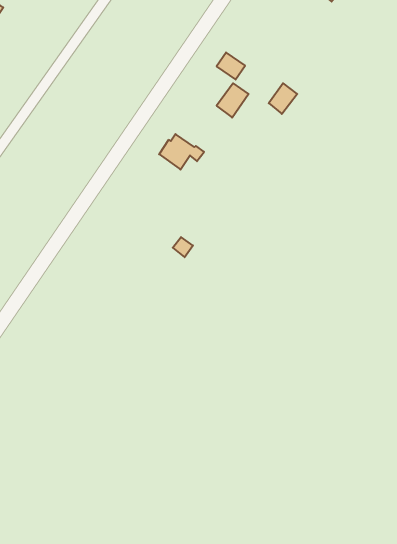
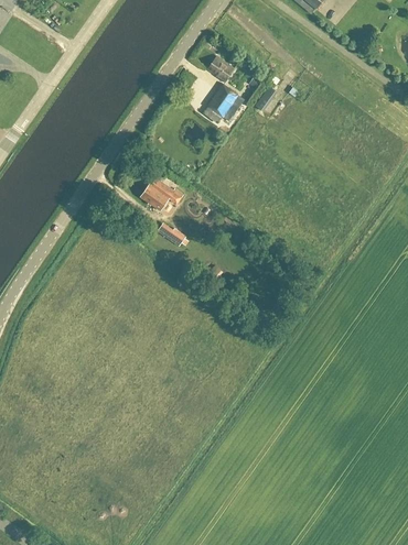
building: [159,134,204,170] -> [139,178,181,211]

